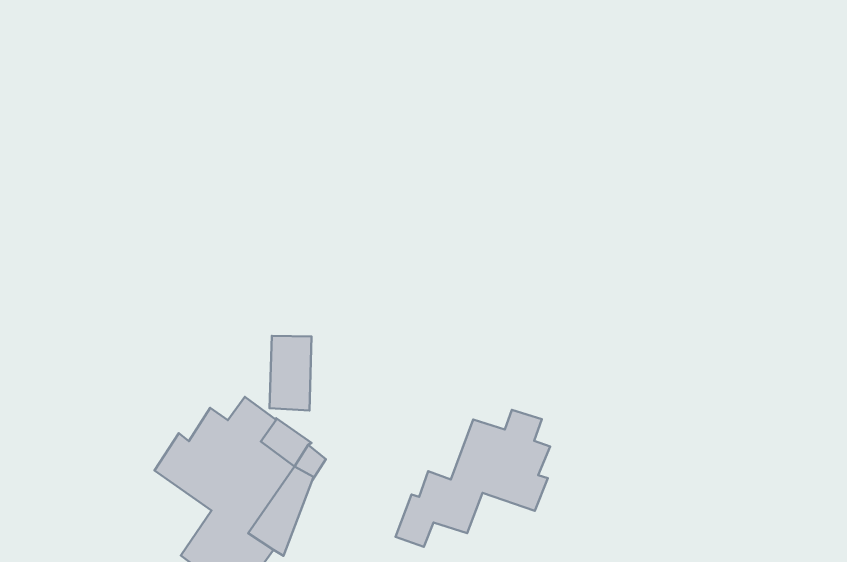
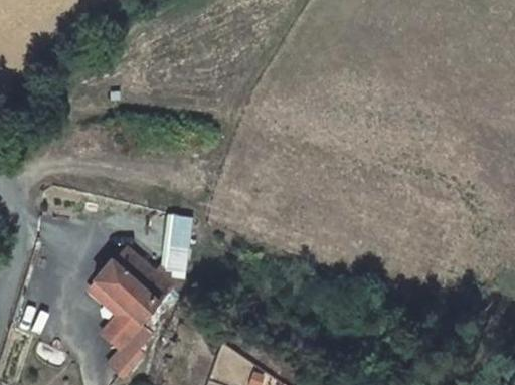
building: [396,410,550,547] -> none

